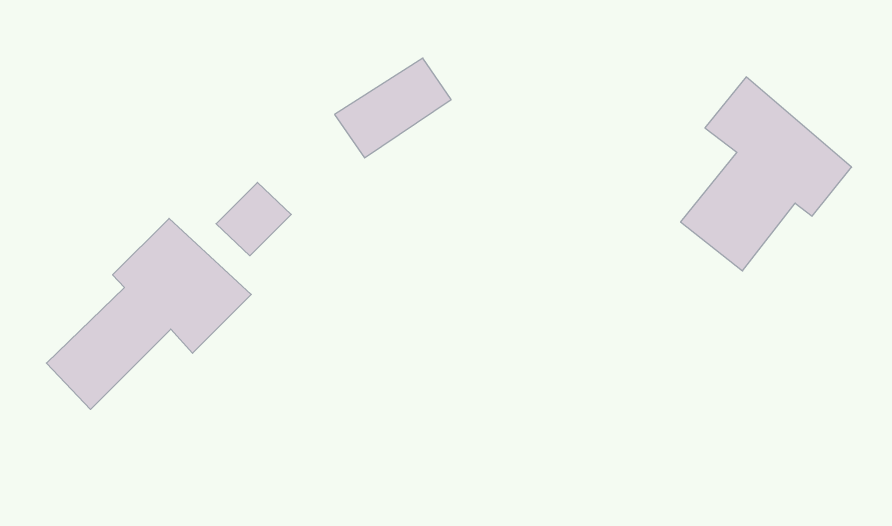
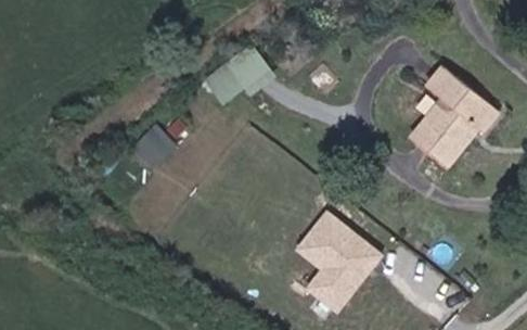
building: [46,218,251,409] -> none
building: none -> [293,207,387,316]

